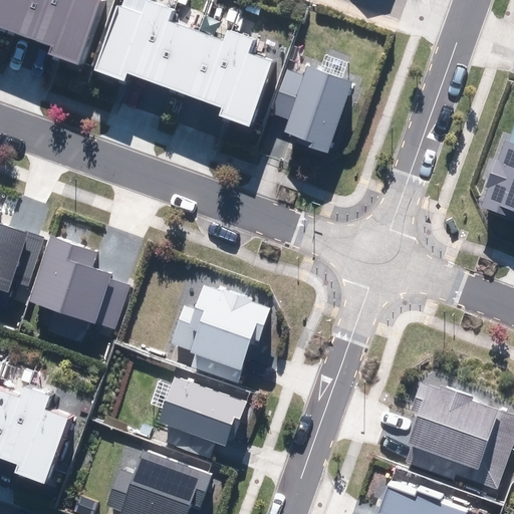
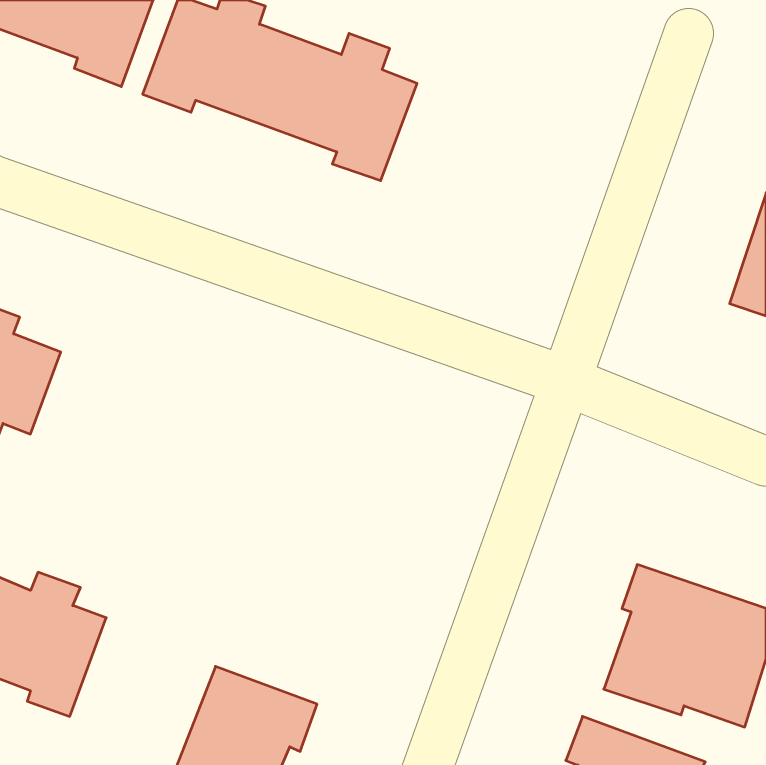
building: [272,65,351,150] -> none
building: [20,236,125,346] -> none
building: [166,284,268,382] -> none
building: [158,373,247,458] -> none

